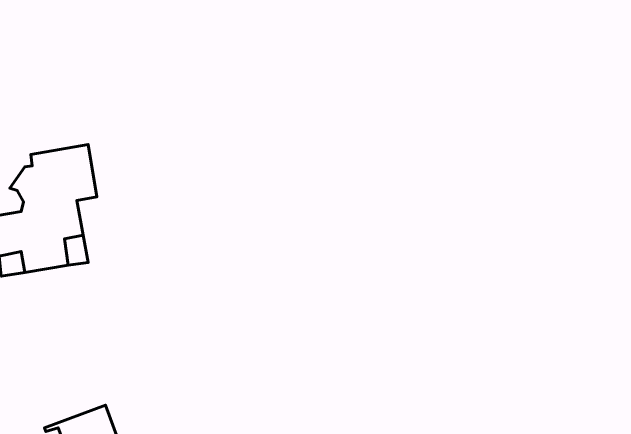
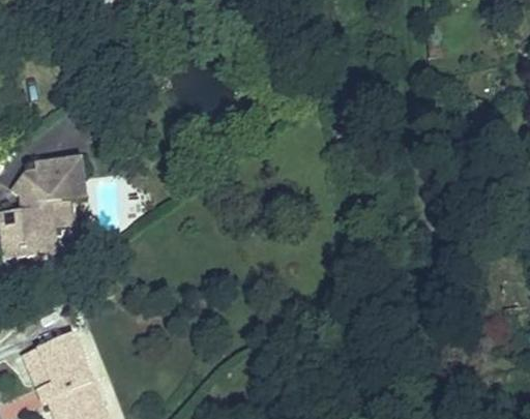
building: none -> [26,334,88,386]

